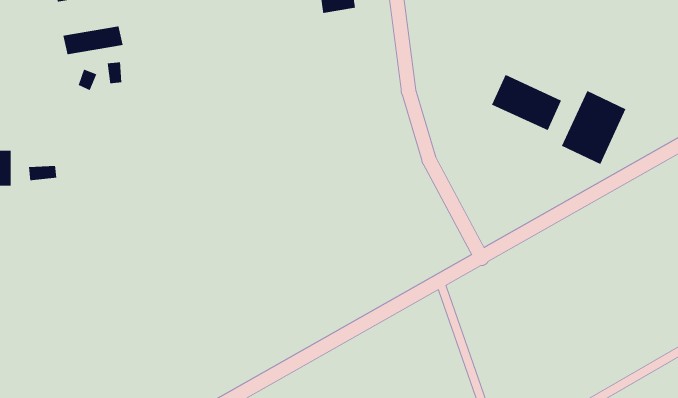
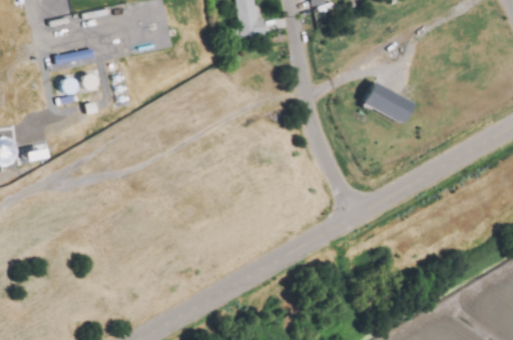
building: [561,90,626,165] -> none

